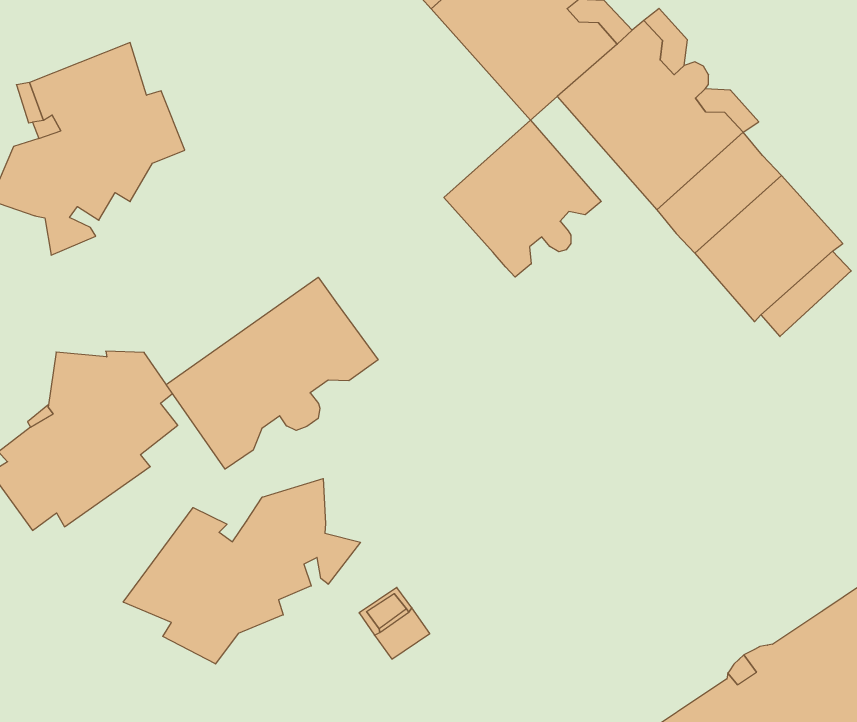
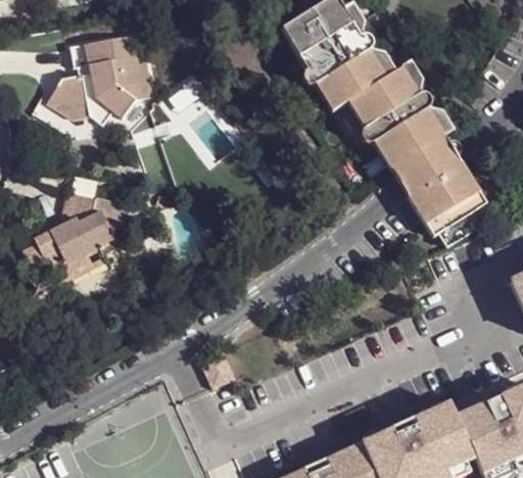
building: [444,120,601,277] -> none
building: [166,277,378,469] -> none
building: [123,479,360,664] -> none

